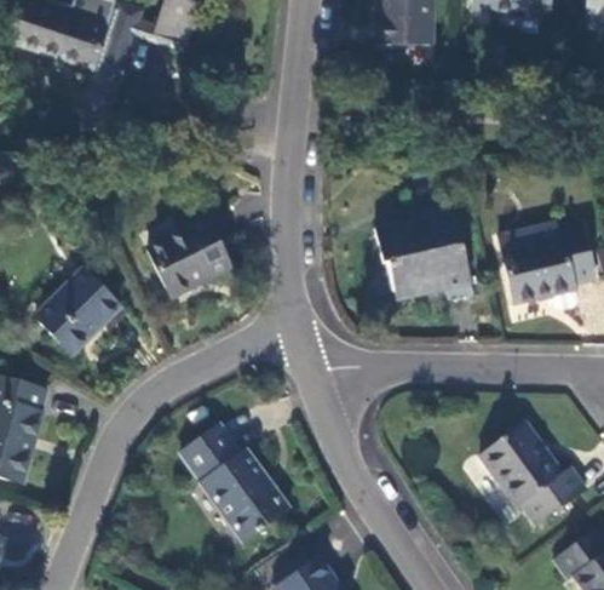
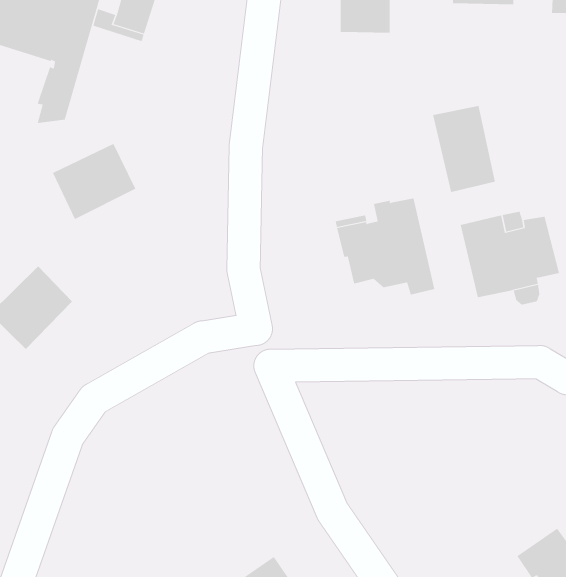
building: none -> [432,105,496,193]
building: [149,220,231,296] -> [52,143,136,220]
building: [481,423,587,523] -> none
building: [173,426,280,545] -> none

